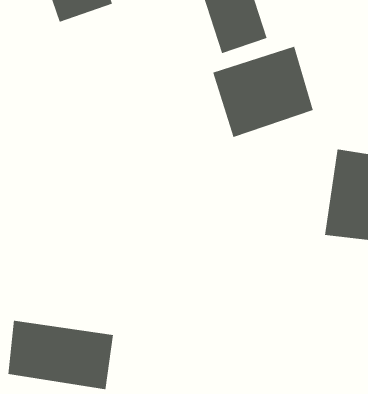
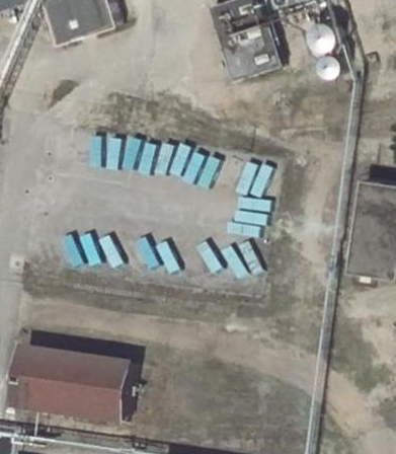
building: [212,46,314,138] -> none

